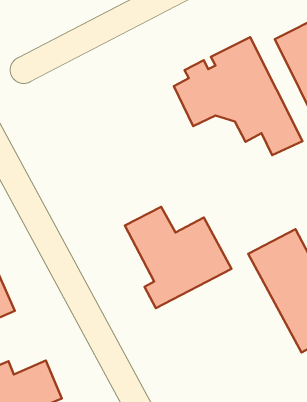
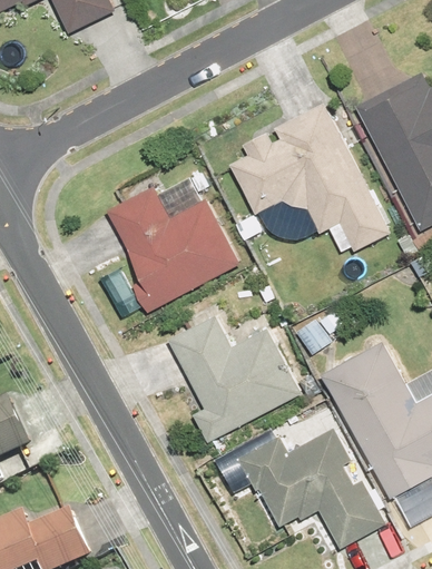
building: none -> [107,170,238,312]
building: none -> [237,426,384,548]

